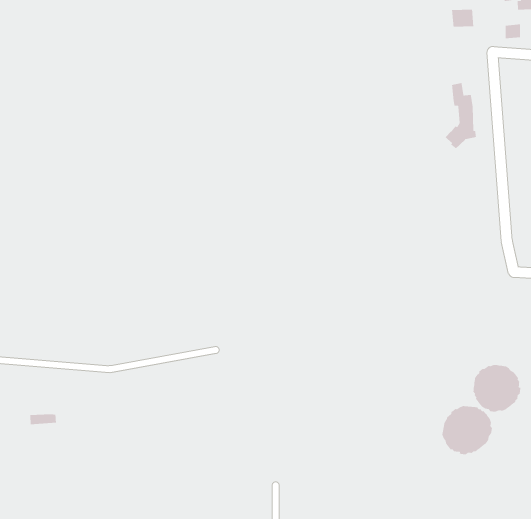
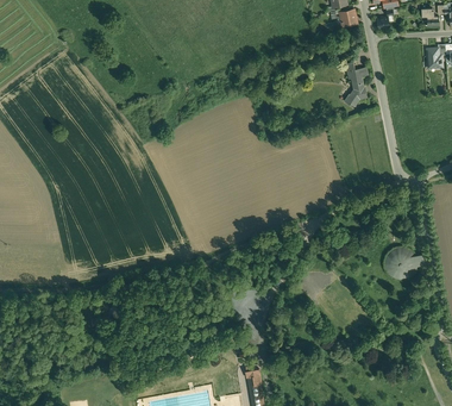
building: [442,405,493,455] -> none

